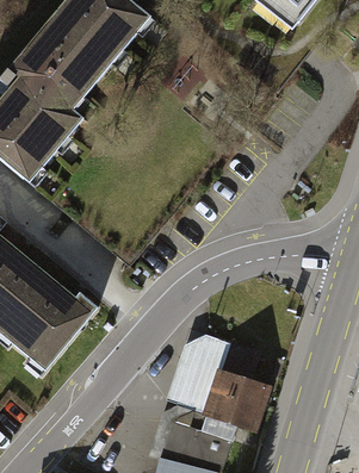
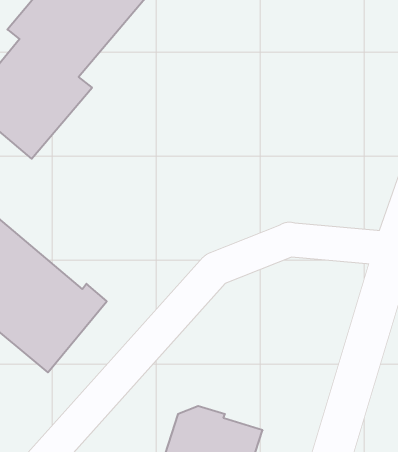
building: [167,331,272,429] -> none

